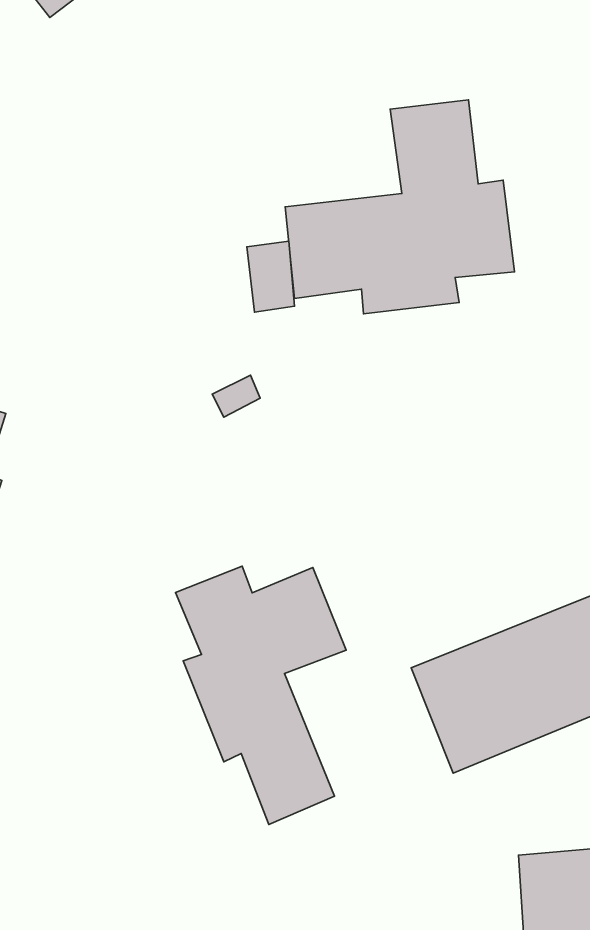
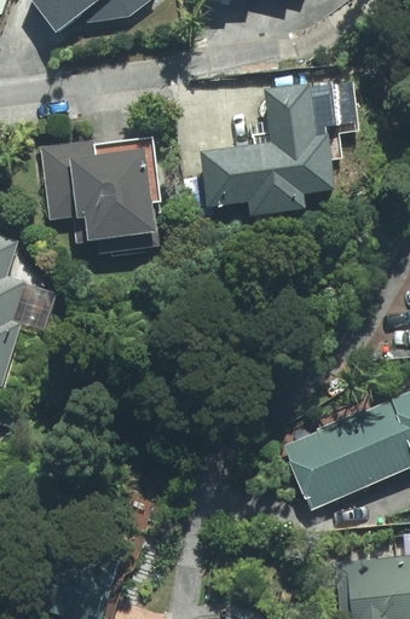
building: none -> [39,137,163,254]
building: [176,566,346,825] -> none

